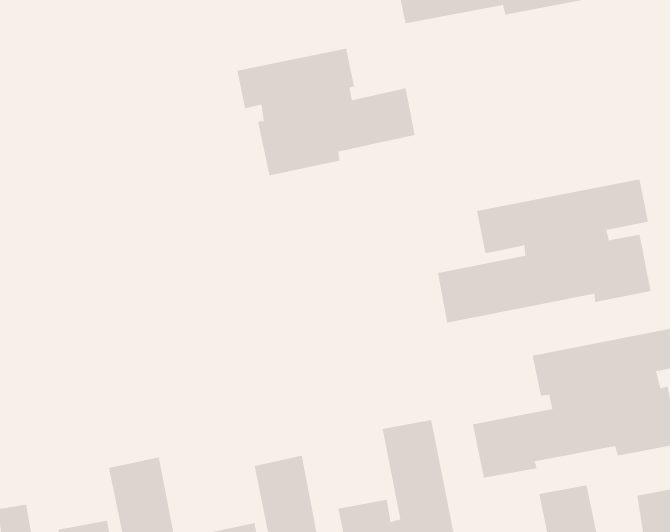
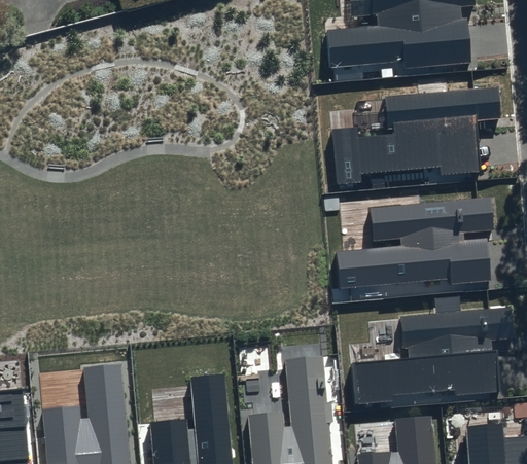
building: none -> [331,87,501,186]
building: [237,48,415,176] -> none

